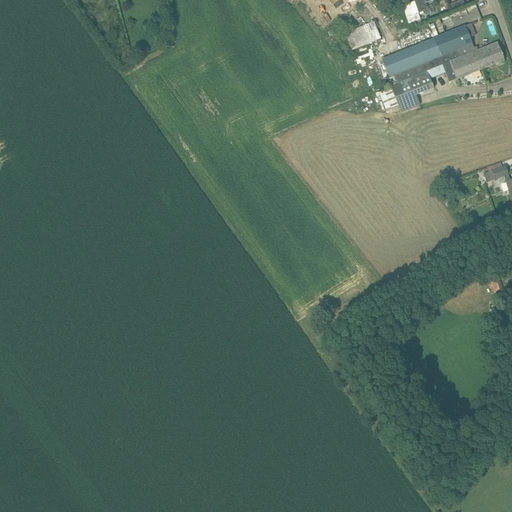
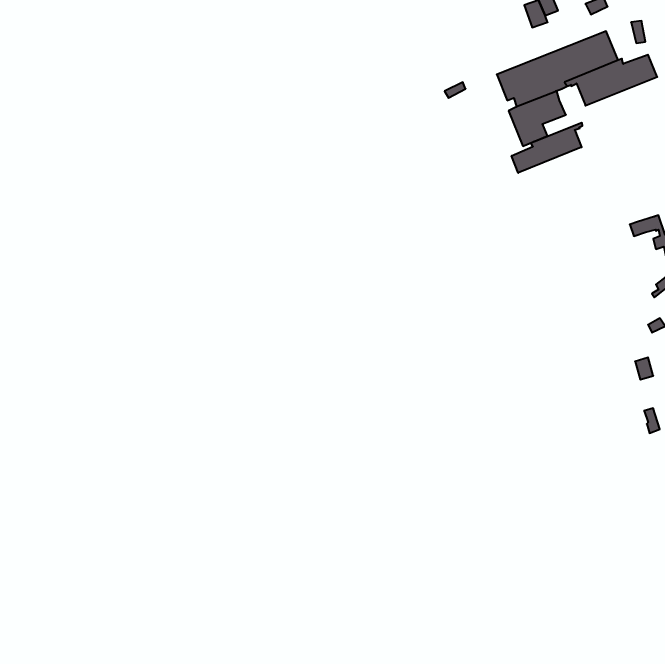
building: [346,20,382,49] -> none
building: none -> [512,123,582,173]

